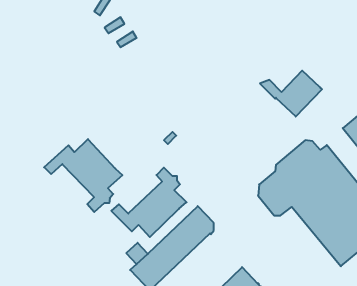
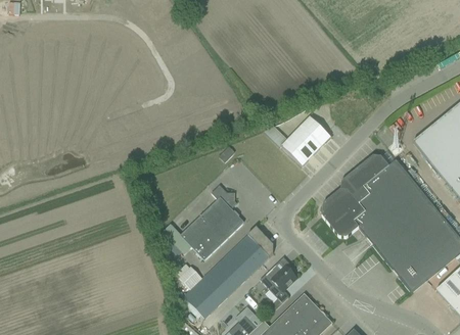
building: [260,71,322,117] -> [264,115,331,165]
building: [44,139,122,212] -> none
building: none -> [261,265,297,302]

